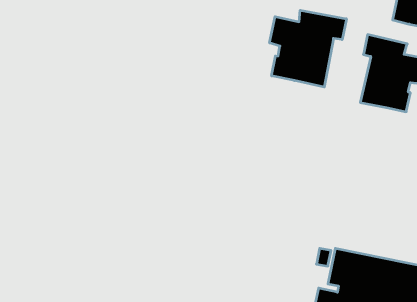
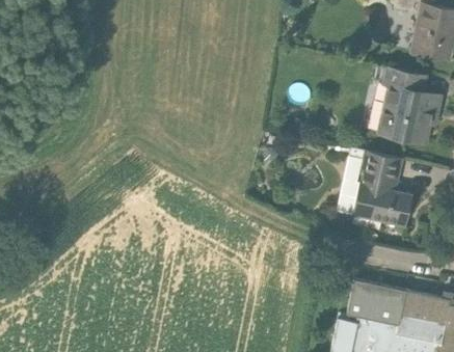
building: [270,10,346,87] -> none
building: none -> [348,146,411,227]

